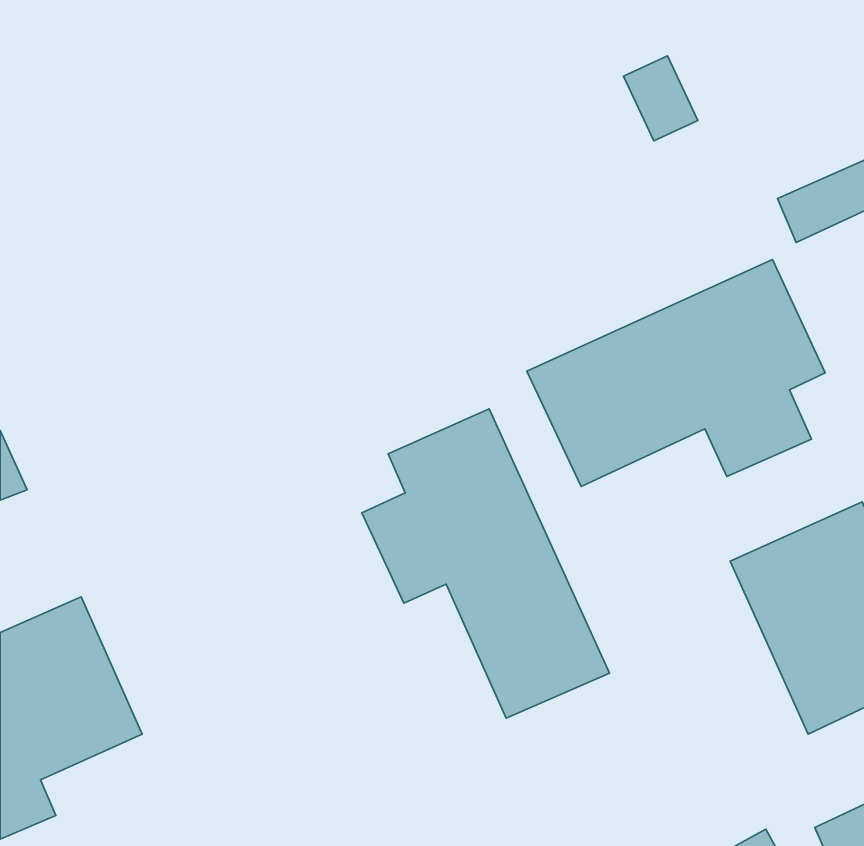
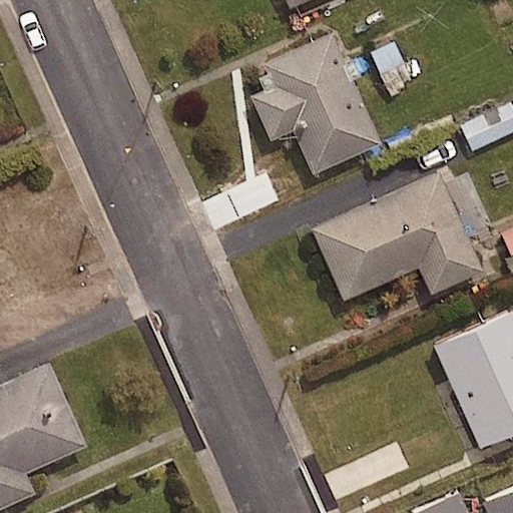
building: none -> [250,35,380,175]
building: [362,409,609,718] -> none

